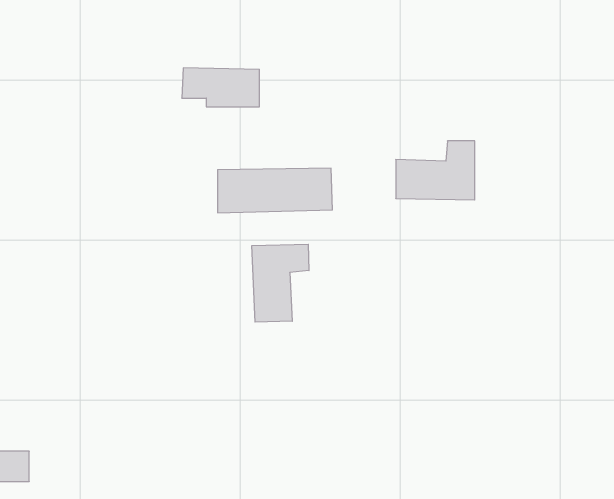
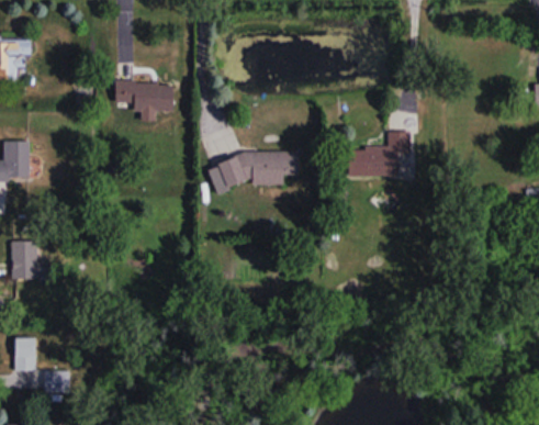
building: [182,68,259,107] -> [115,80,175,110]
building: [252,244,309,322] -> none

